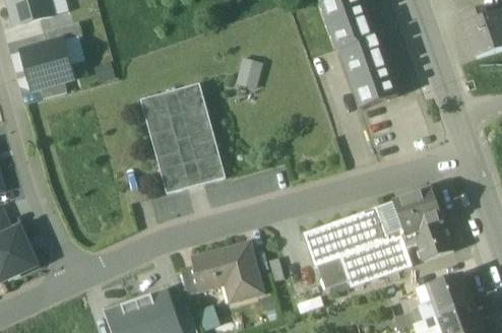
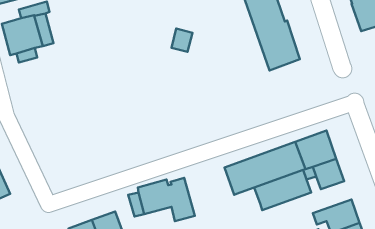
building: [141,83,224,193] -> none
building: [318,258,349,287] -> none

